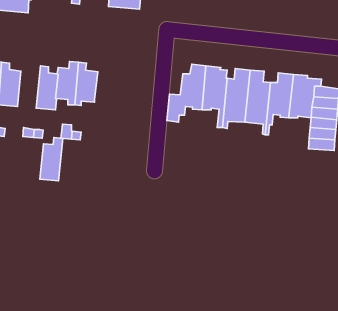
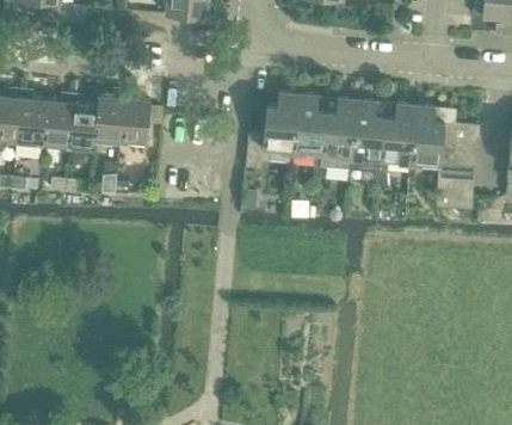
building: [40,138,63,181] -> [42,92,73,150]

